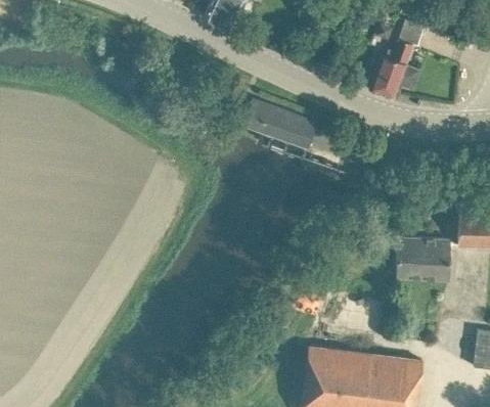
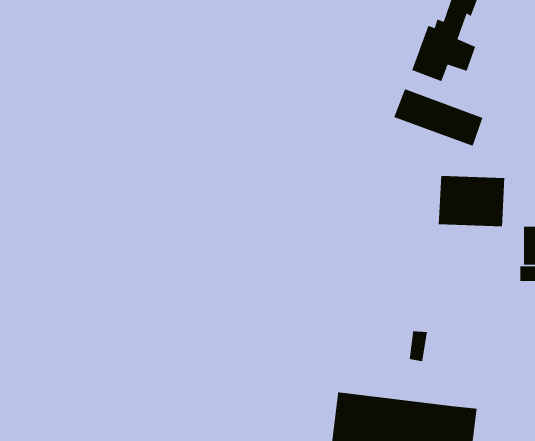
building: [243,98,316,145] -> [393,88,483,147]
building: [396,237,450,279] -> [438,175,505,227]

